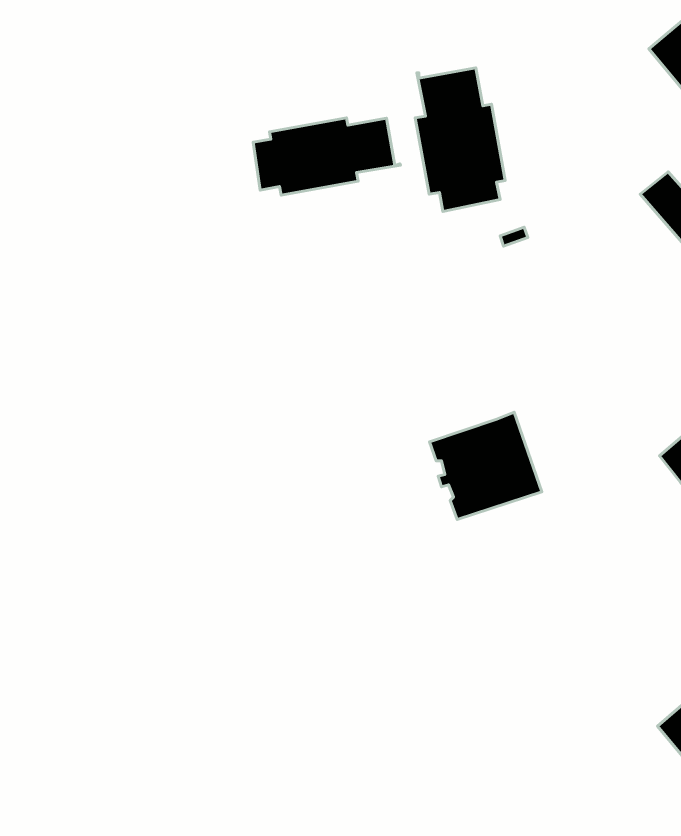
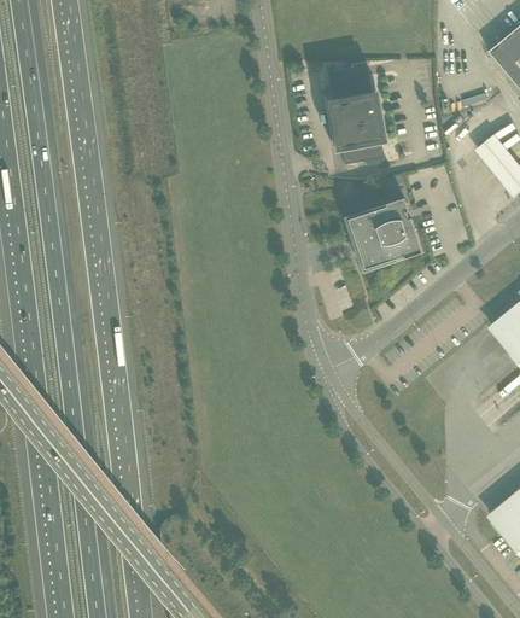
building: [253,118,400,195] -> none
building: [429,412,542,520] -> [345,197,423,272]

